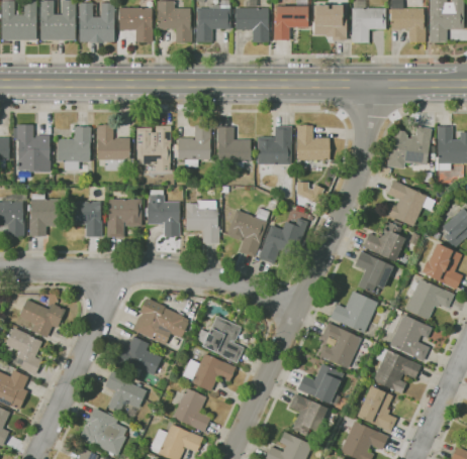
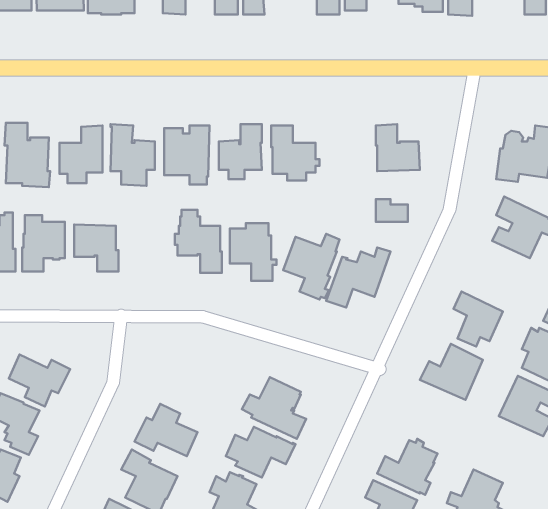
building: [257,126,291,164] -> none
building: [107,199,142,237] -> none
building: [363,220,405,261] -> none
building: [132,298,189,345] -> none
building: [319,322,361,368] -> none
building: [373,346,421,393] -> none

